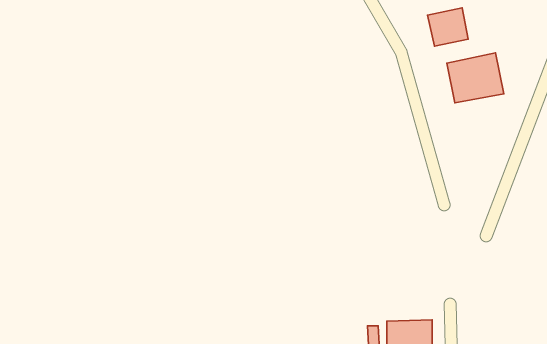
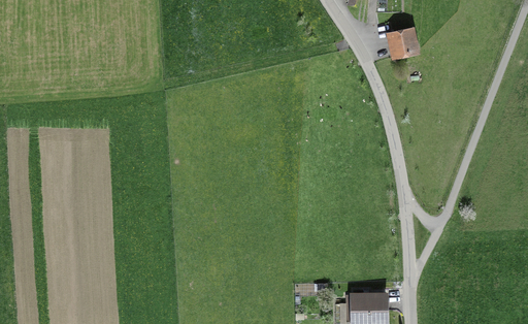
building: [447,53,504,103] -> none

